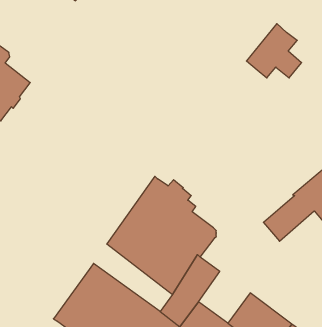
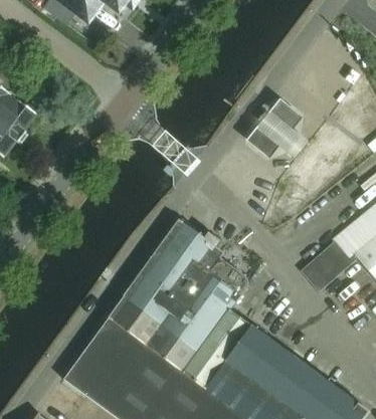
building: [246,24,302,78] -> [246,98,309,160]
building: none -> [109,295,198,372]
building: none -> [227,327,286,385]

